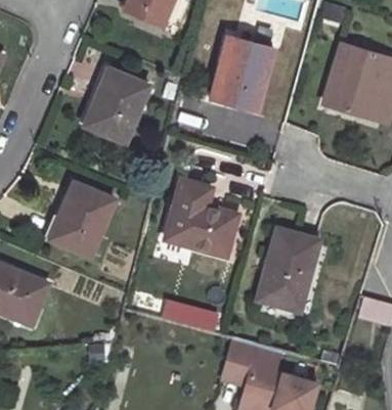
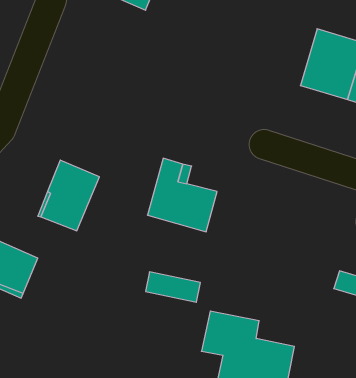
building: [212,38,273,110] -> none
building: [84,70,149,142] -> none
building: [256,228,315,313] -> none

